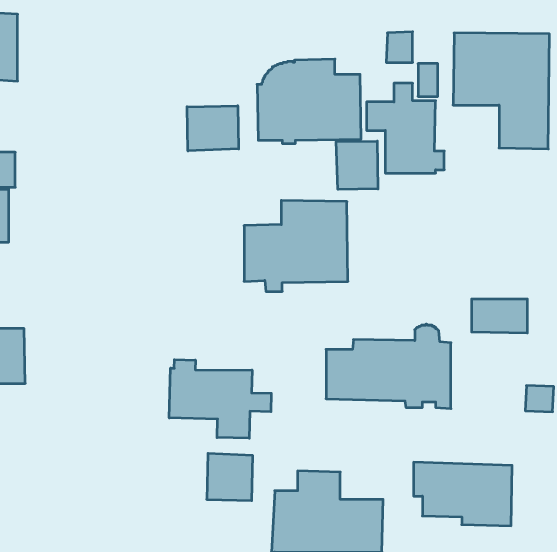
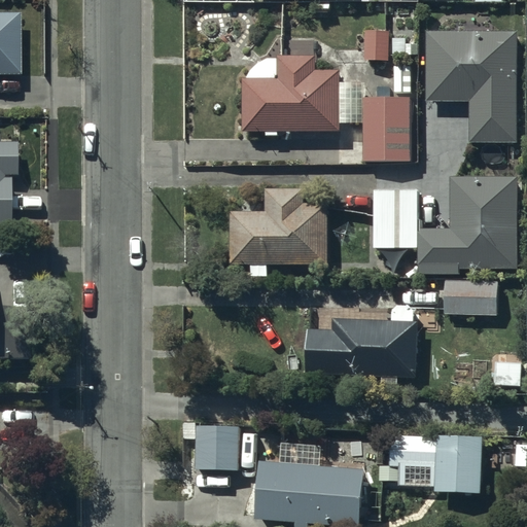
building: [187,106,239,151] -> none
building: [336,141,378,189] -> none
building: none -> [373,170,517,274]
building: [169,360,271,438] -> none

